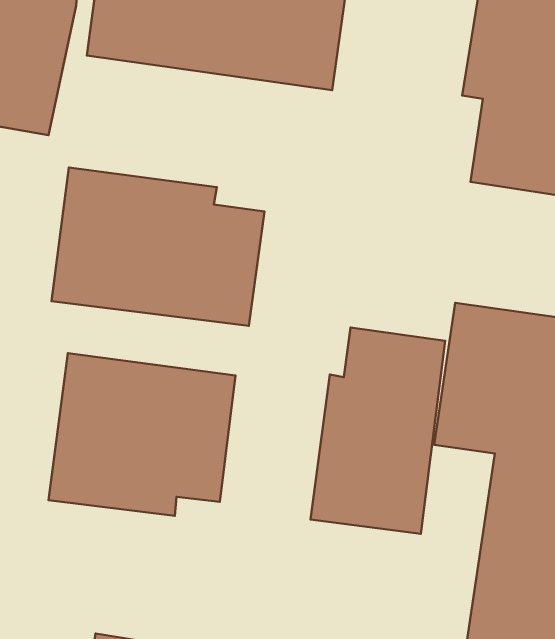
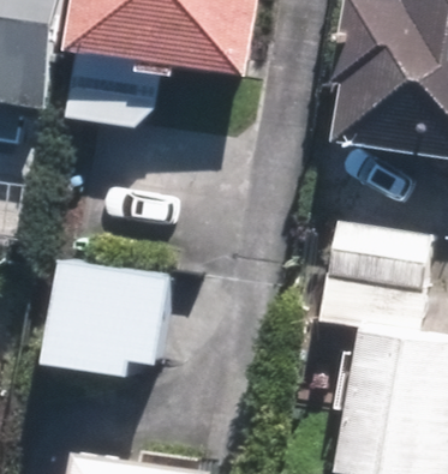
building: [51,167,264,326] -> none
building: [310,328,445,534] -> none

